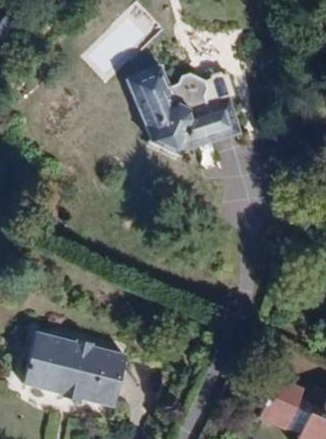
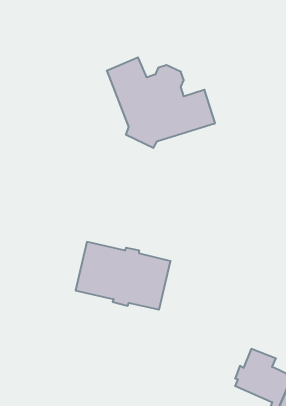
building: [24,334,124,405] -> [76,242,171,310]

